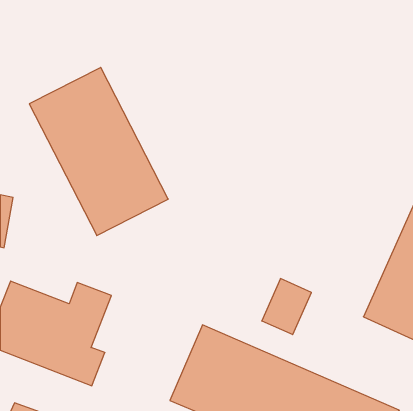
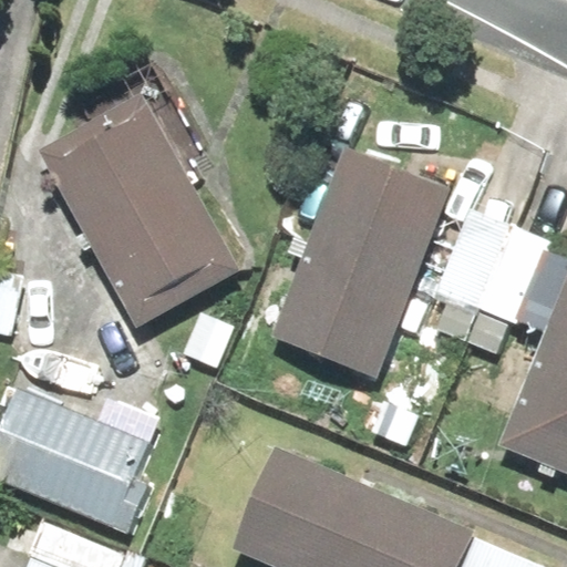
building: none -> [272,147,446,374]
building: none -> [427,218,540,357]

